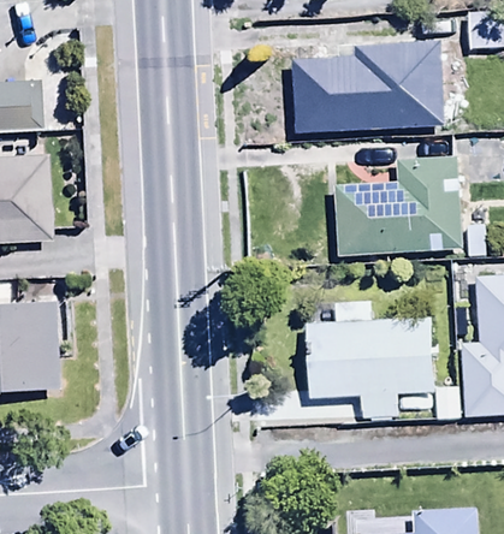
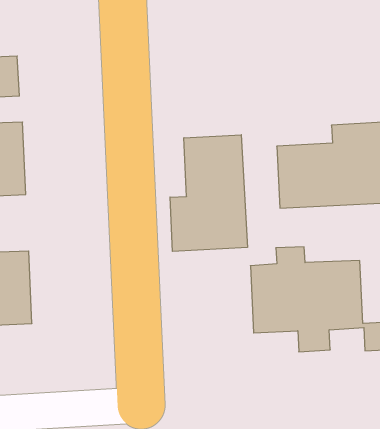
building: [295,41,444,132] -> none
building: none -> [170,135,247,251]

